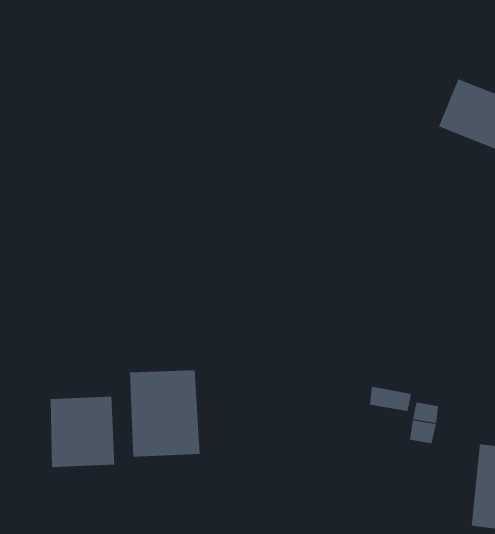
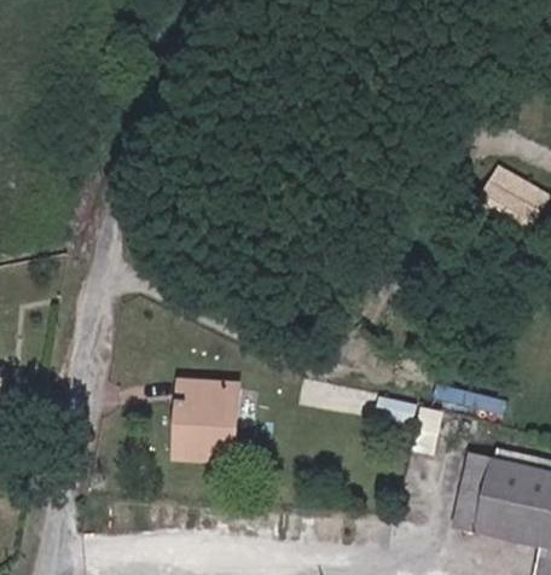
building: [50,396,115,468] -> none

